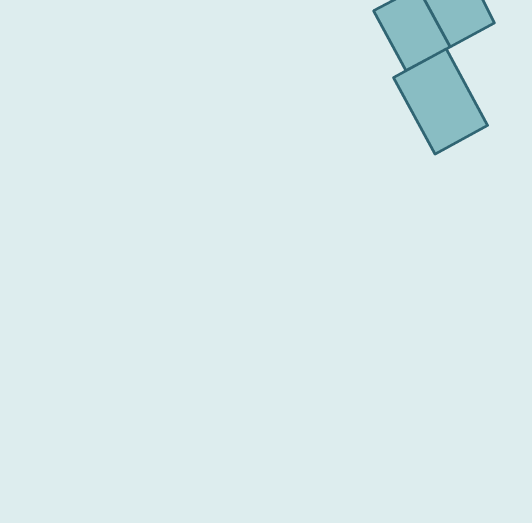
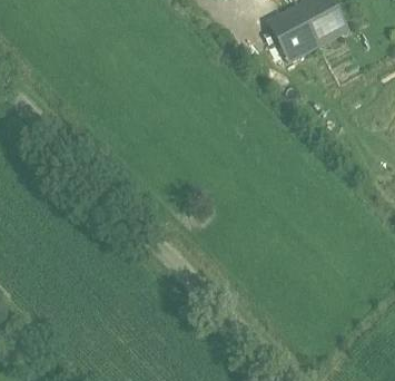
building: [394,49,488,154] -> none

